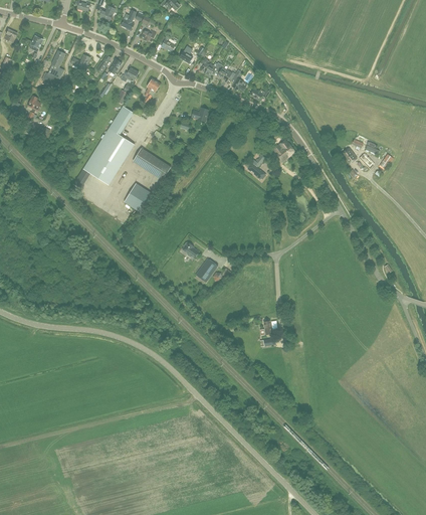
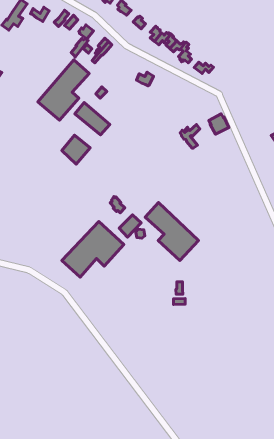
building: [82,154,117,184] -> none
building: none -> [145,203,199,260]
building: none -> [62,221,124,277]

